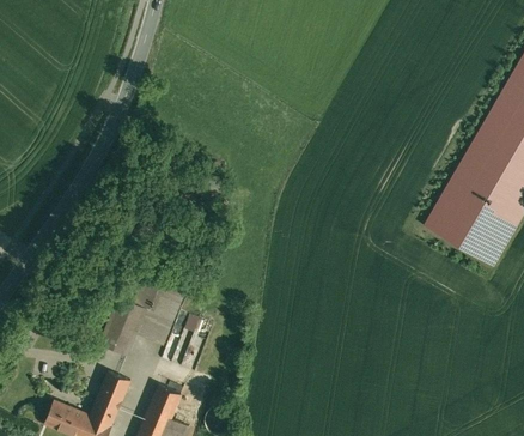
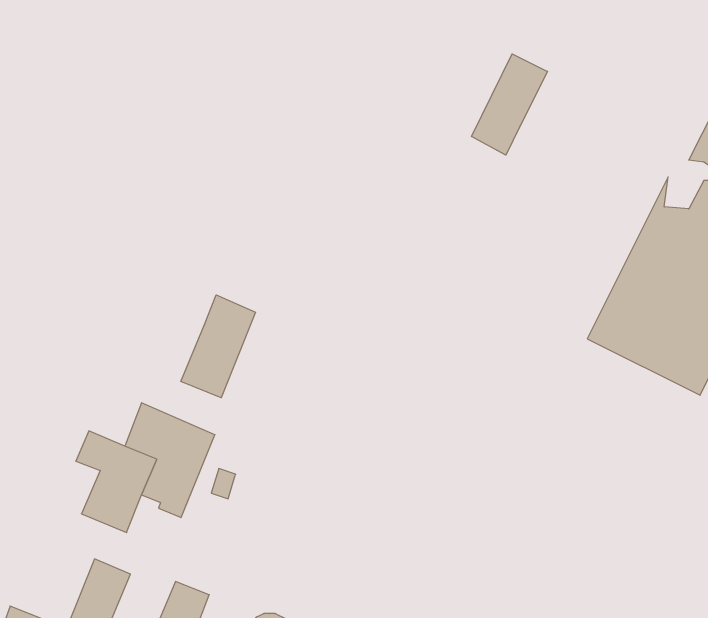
building: none -> [472,54,548,155]
building: none -> [181,295,255,398]

